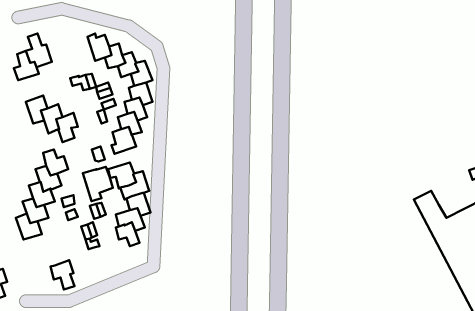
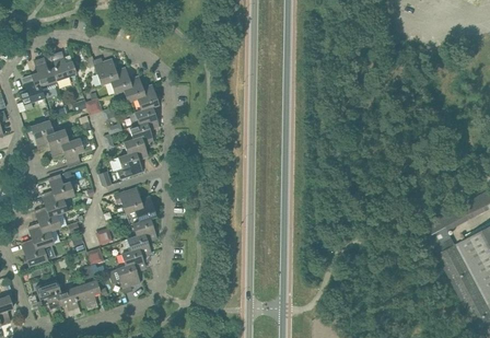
building: none -> [52,50,77,85]
building: [83,167,113,201] -> none
building: none -> [116,263,141,292]
building: none -> [75,278,101,308]
building: none -> [36,279,61,308]

